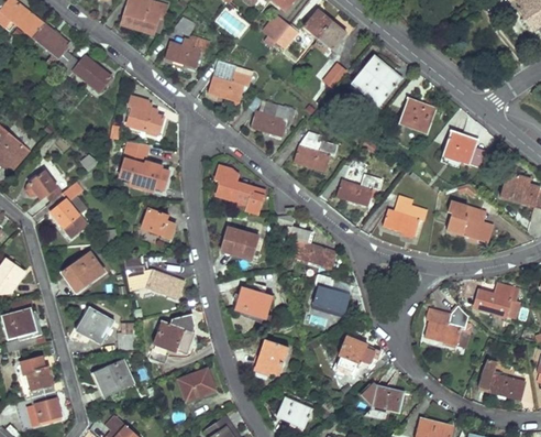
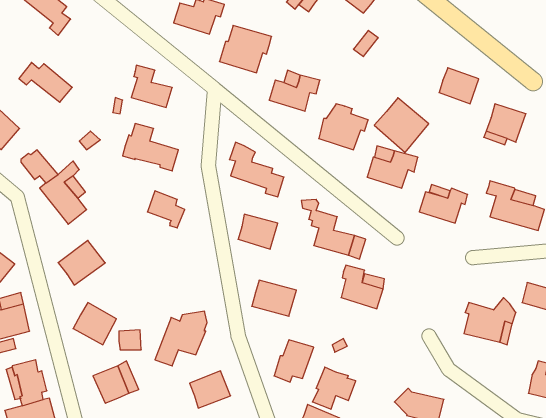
building: [63,56,110,91] -> [19,62,72,102]
building: [353,56,401,105] -> [374,98,429,152]
building: [123,258,185,298] -> none
building: [336,337,375,374] -> [312,367,356,409]

